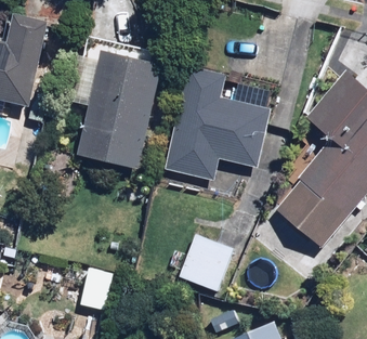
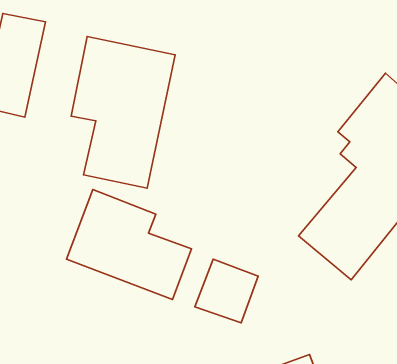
building: [162,68,271,183] -> none
building: none -> [66,189,192,299]

